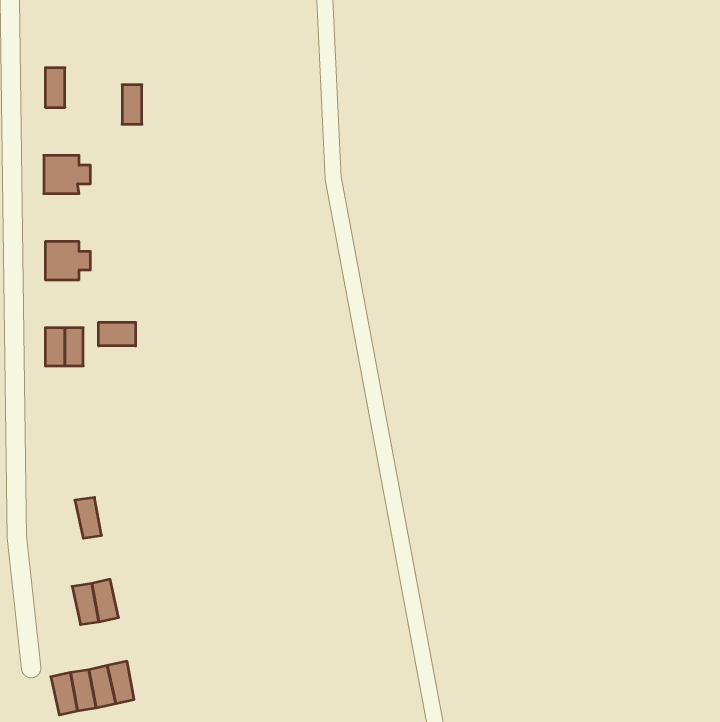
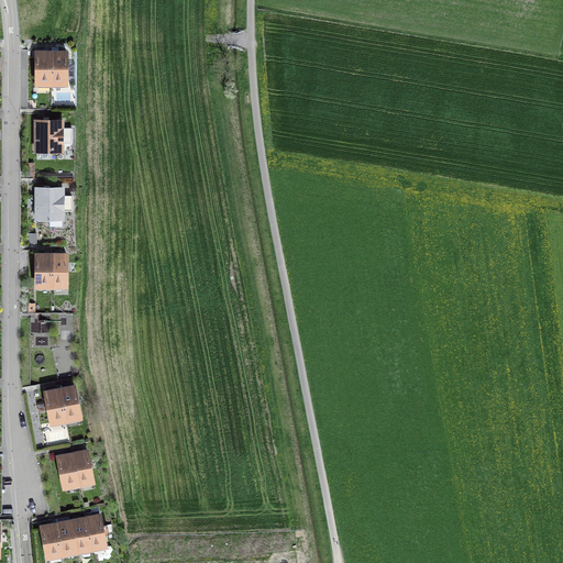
building: [122,85,142,124] -> [51,53,66,84]
building: [99,322,136,346] -> none
building: none -> [44,389,65,422]

